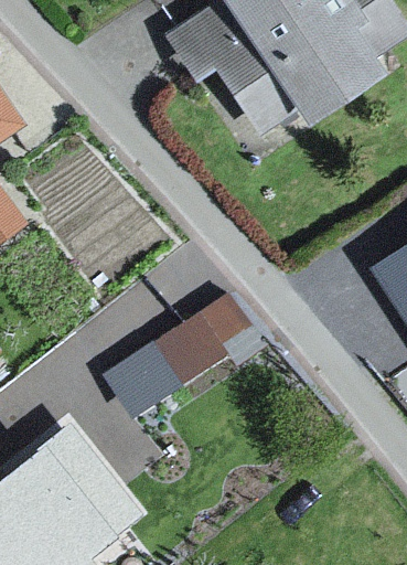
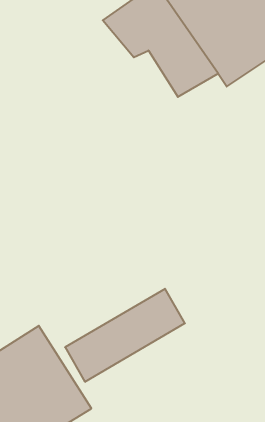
building: [97,289,250,408] -> [65,289,185,382]

